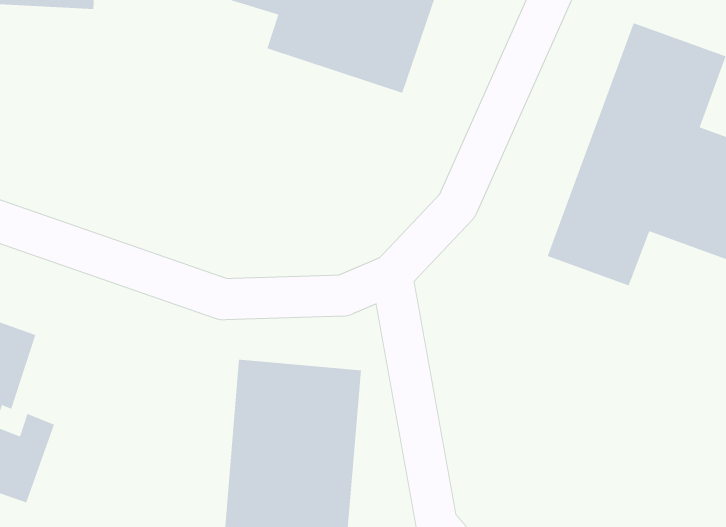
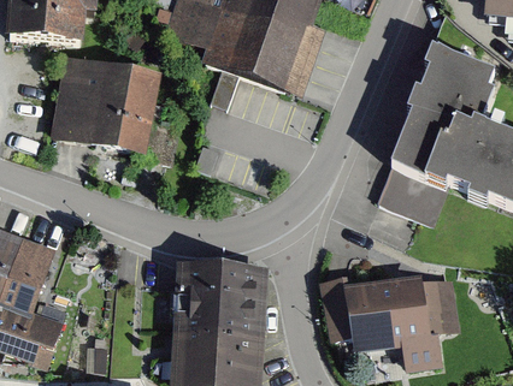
building: none -> [54,57,153,152]
building: none -> [344,272,459,362]

